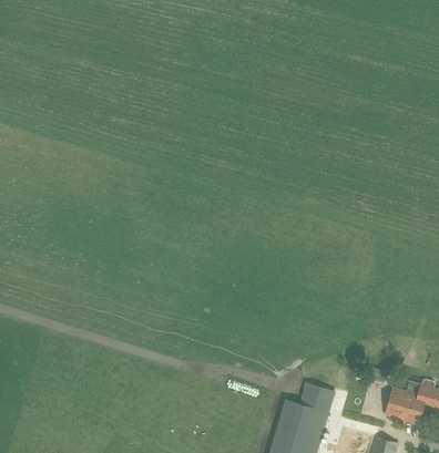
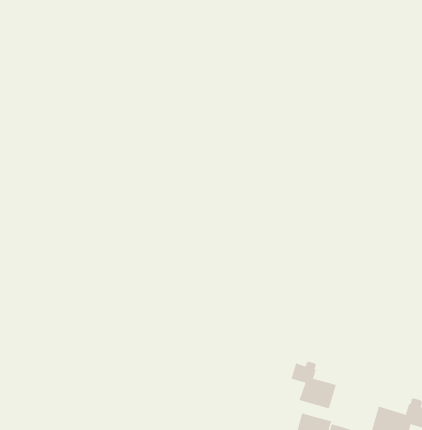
building: none -> [291,361,337,409]

